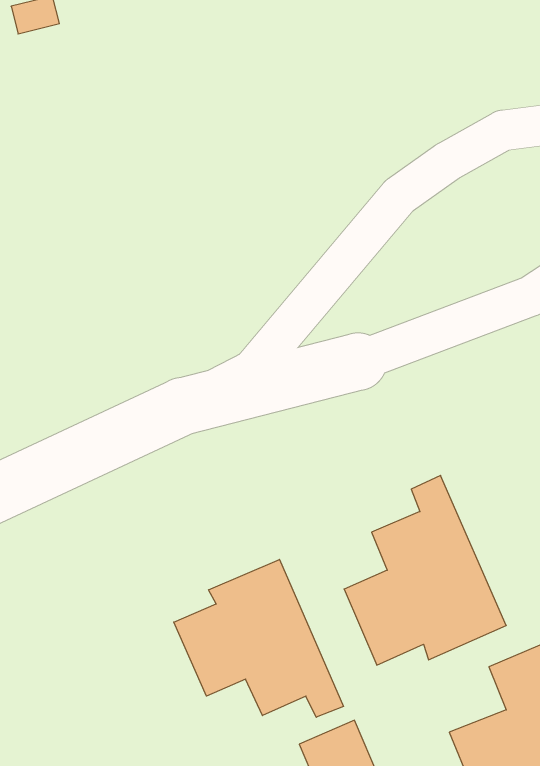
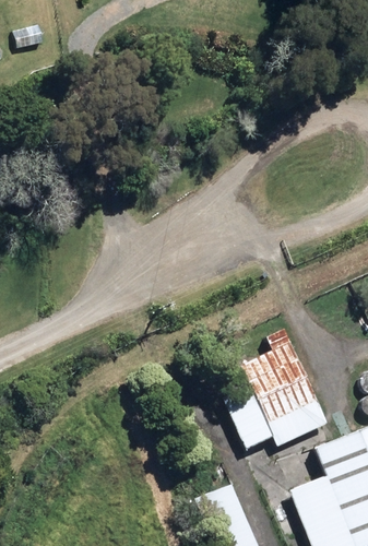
building: [174,559,344,717] -> none

